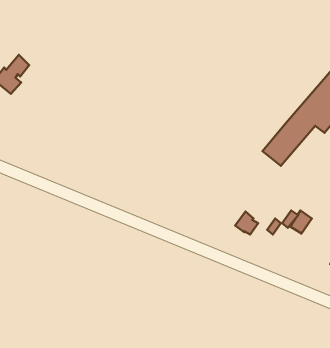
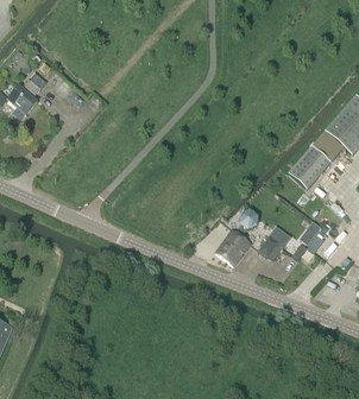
building: none -> [215,213,257,266]

